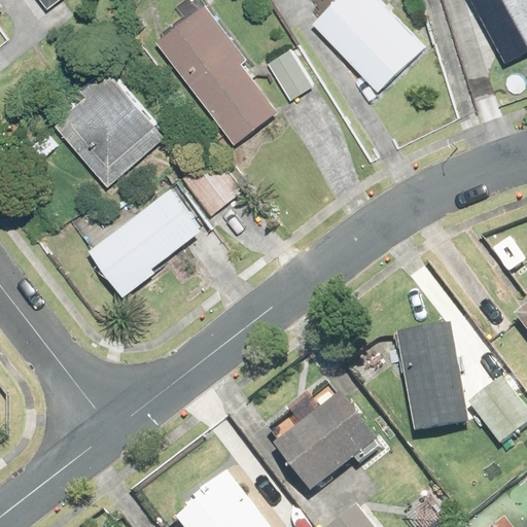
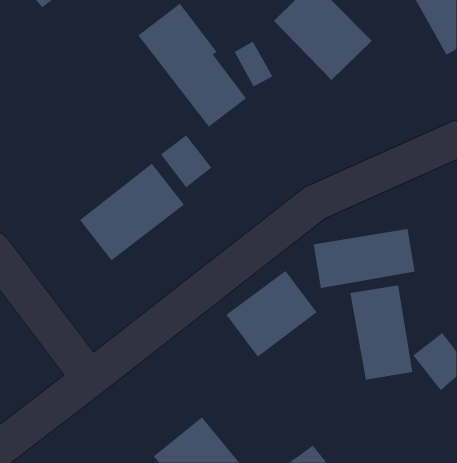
building: [51,74,165,187] -> none
building: none -> [313,228,415,289]
building: [273,391,377,490] -> [226,270,318,358]

